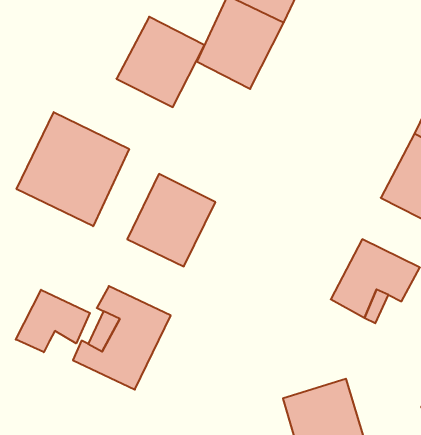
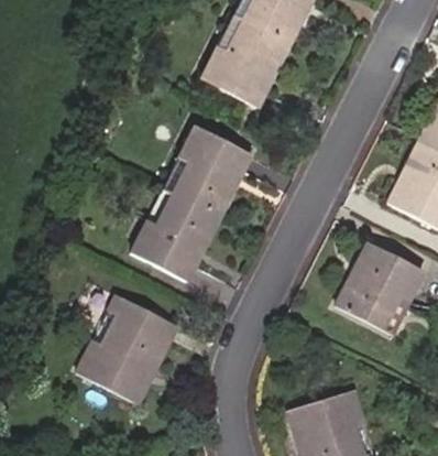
building: [116,17,205,107] -> [163,122,252,214]
building: [17,112,129,226] -> none
building: [16,290,90,352] -> none

